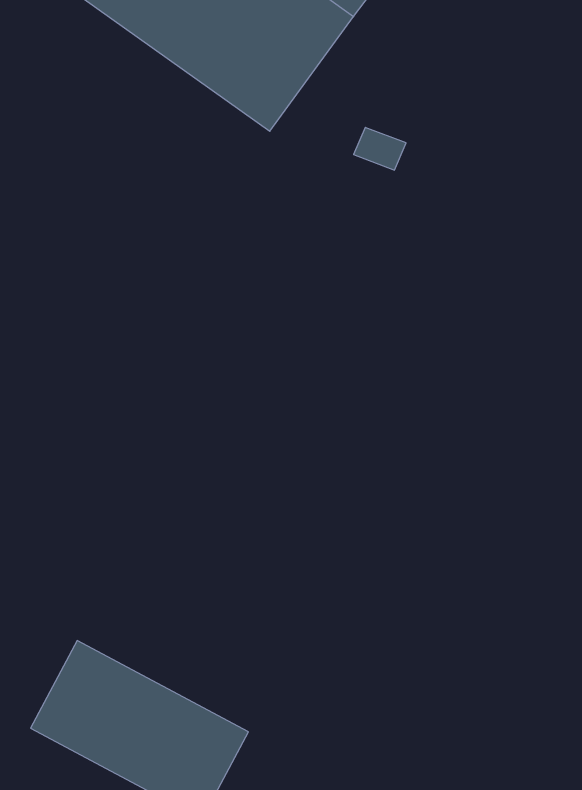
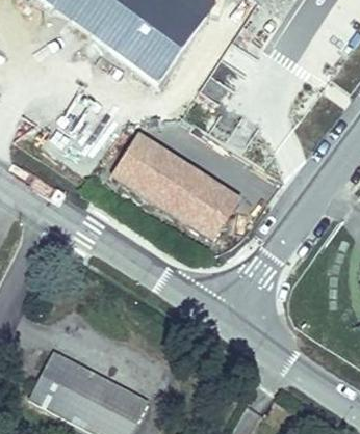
building: none -> [113,137,245,245]

